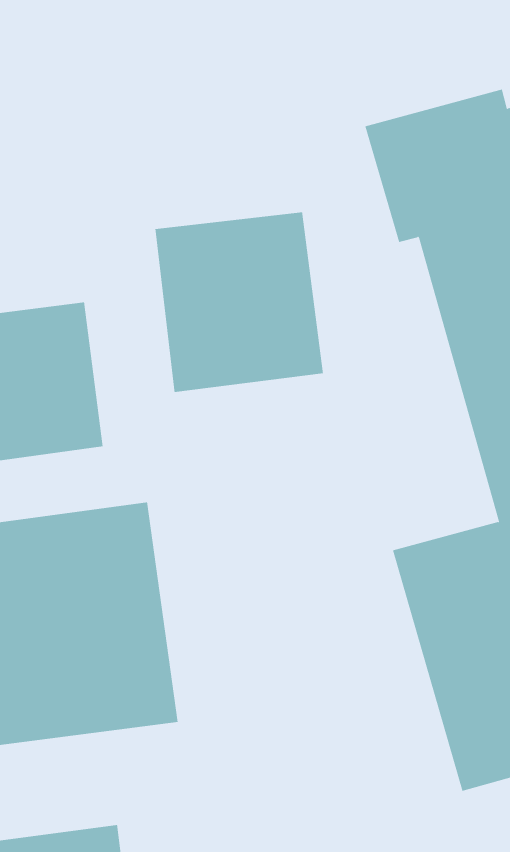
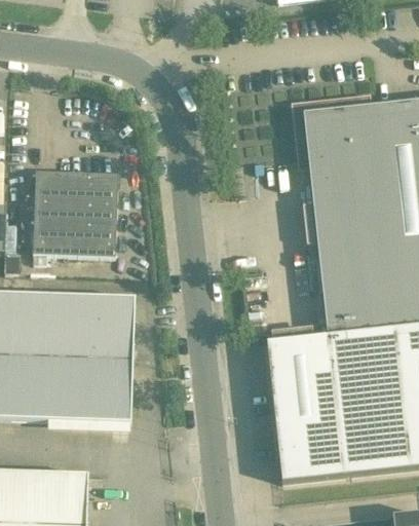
building: [155,212,323,393] -> none

